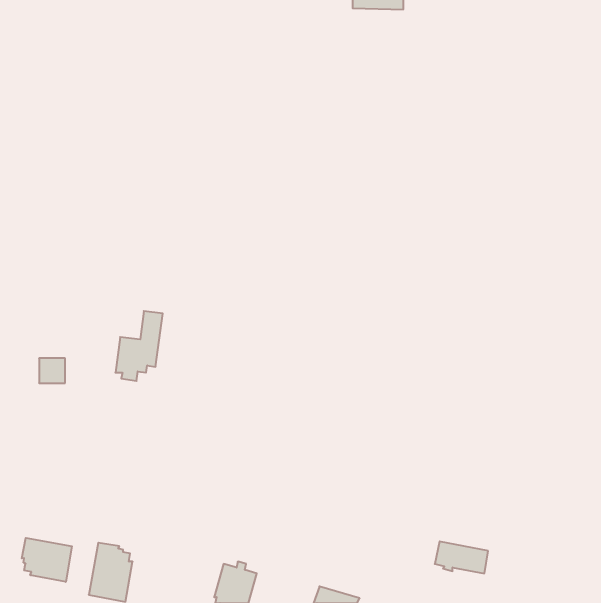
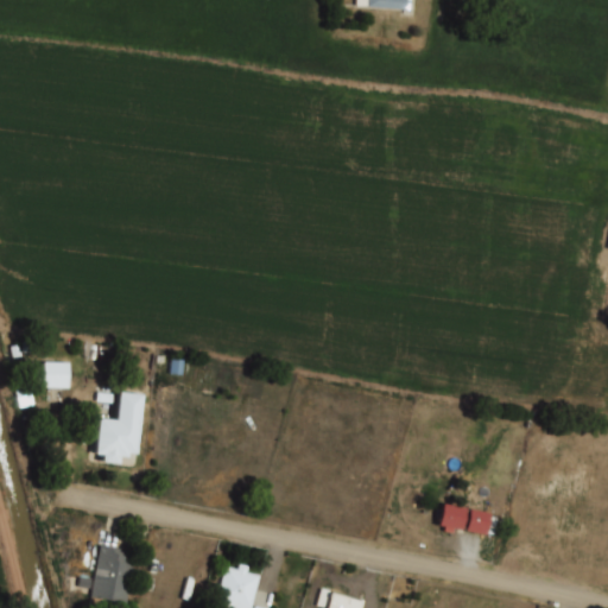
building: [115,311,163,381] -> [94,394,141,464]
building: [22,538,72,582] -> none
building: [435,541,488,573] -> [438,504,492,536]

